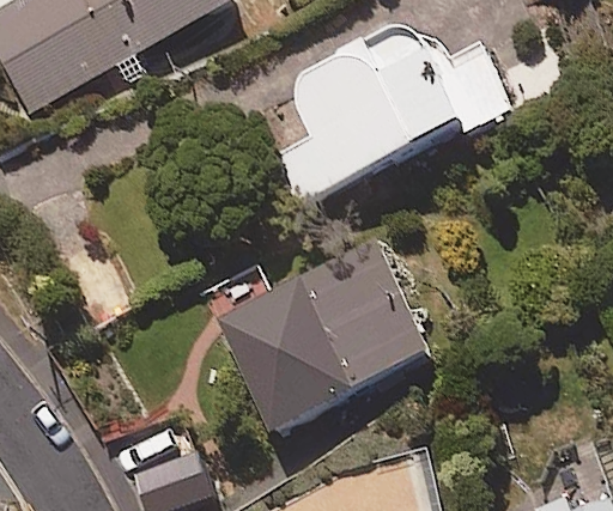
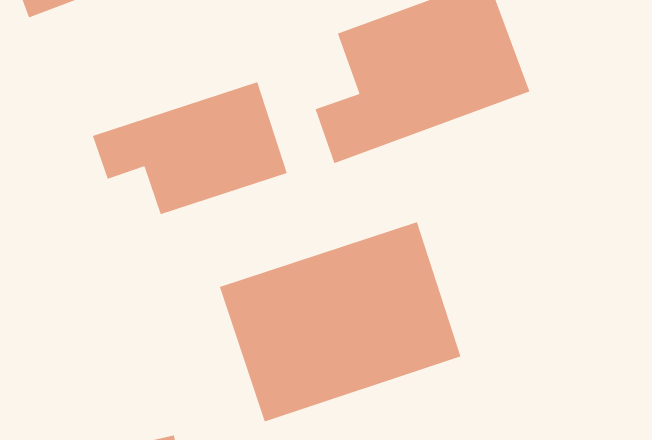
building: none -> [92,81,288,215]

